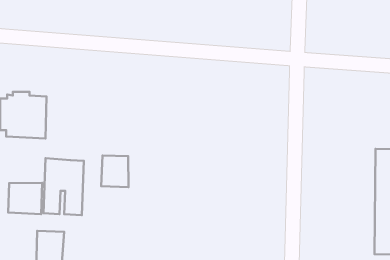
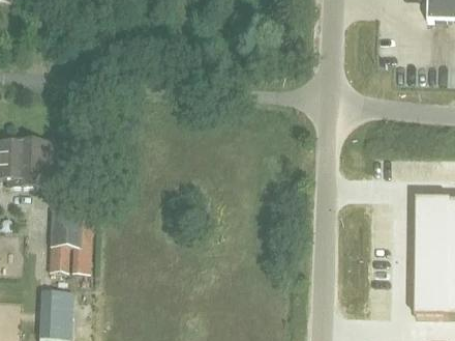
building: [101,155,128,187] -> none
building: [8,183,42,214] -> none

